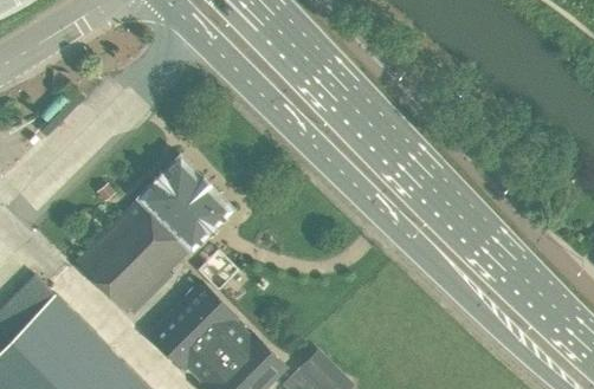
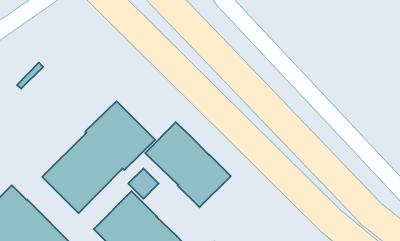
building: none -> [145,122,231,207]

